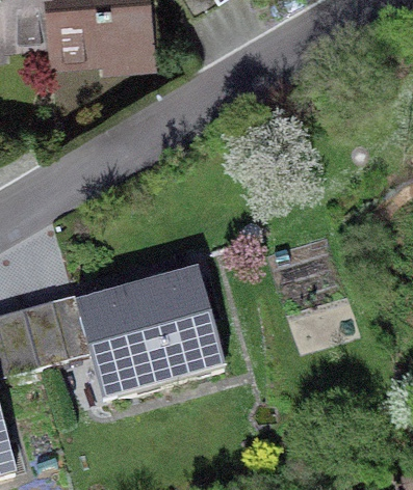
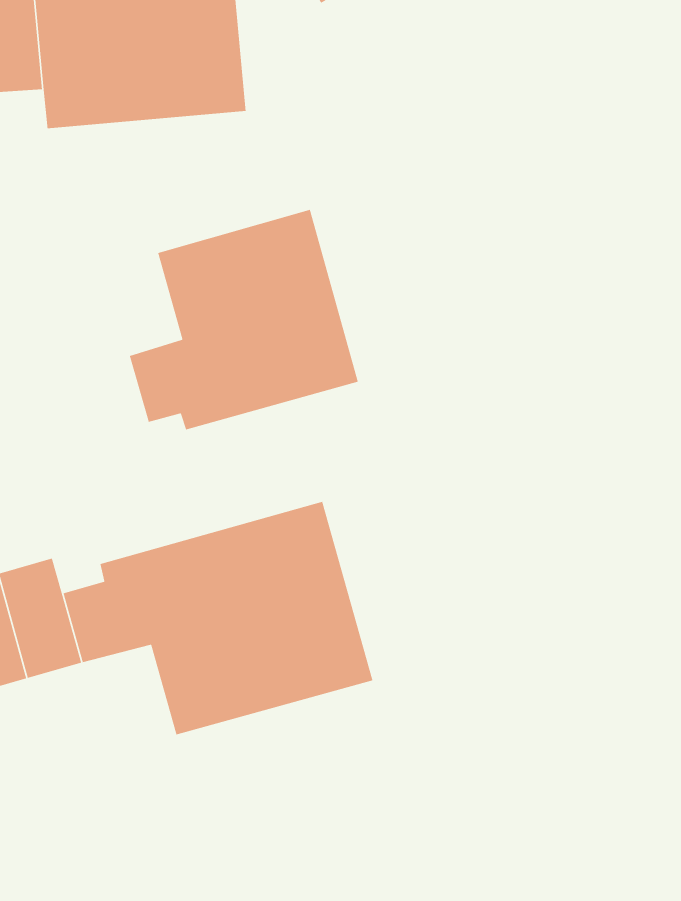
building: none -> [129,209,359,431]

